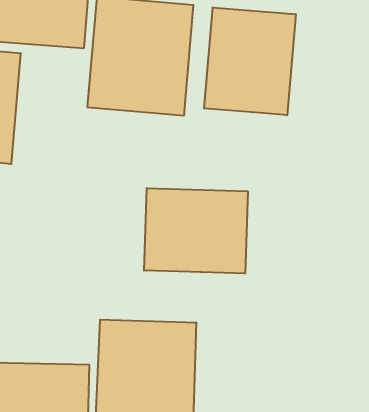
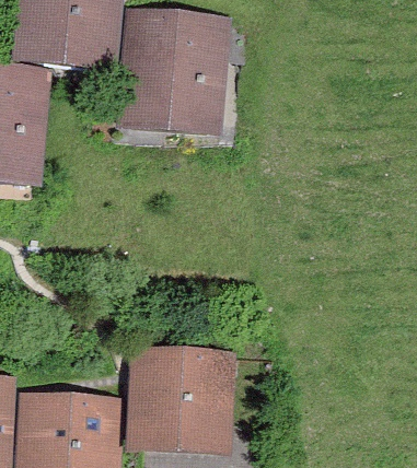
building: [204,7,296,115] -> none
building: [144,188,248,274] -> none

